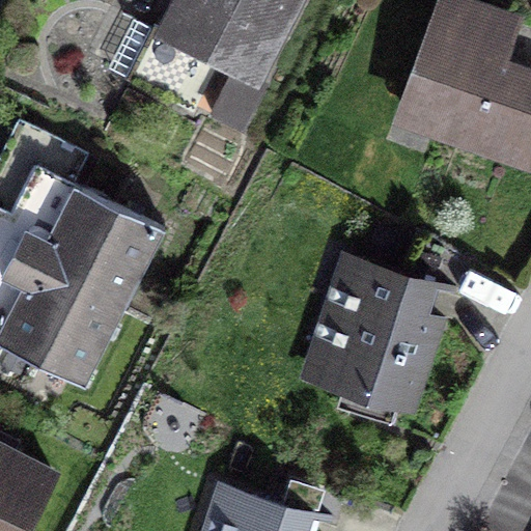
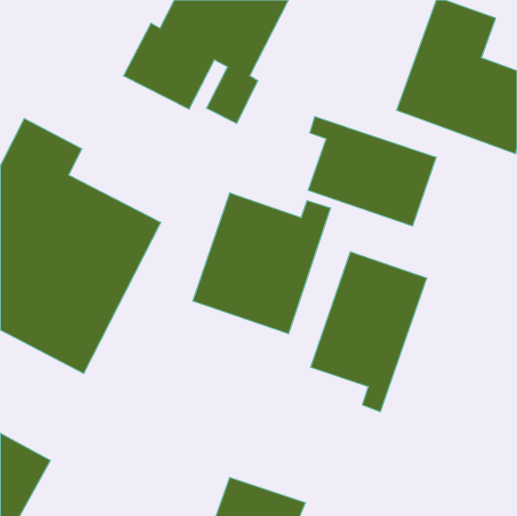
building: none -> [308,116,436,226]
building: none -> [193,193,330,334]

